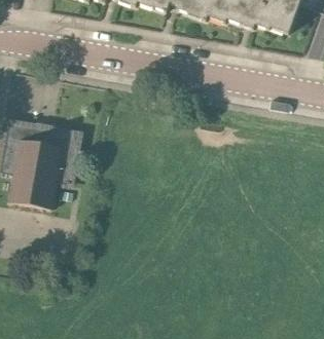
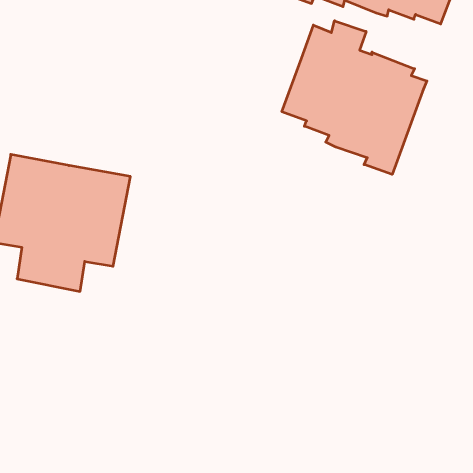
building: none -> [282,21,427,174]

